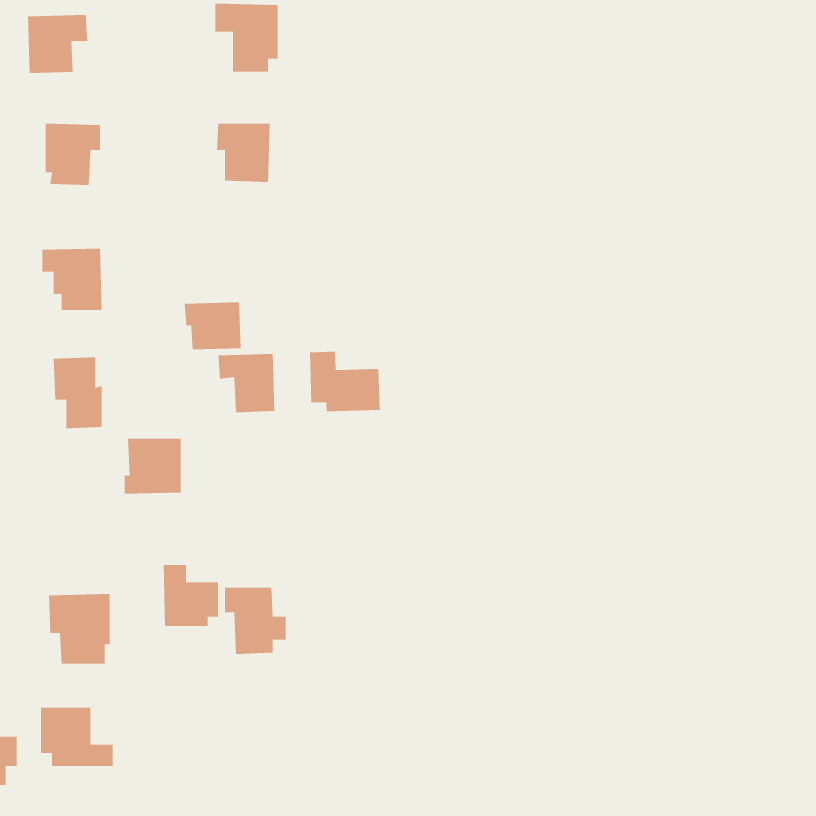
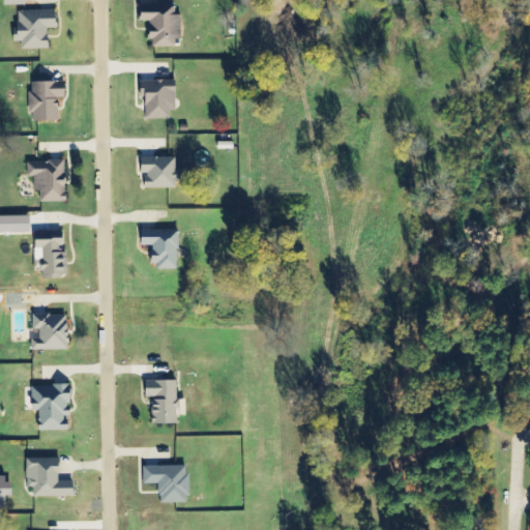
building: [184,302,242,350] -> [141,156,178,187]
building: [309,351,380,412] -> none
building: [124,438,182,494] -> [31,314,68,350]
building: [163,564,219,627] -> none
building: none -> [143,464,188,502]

